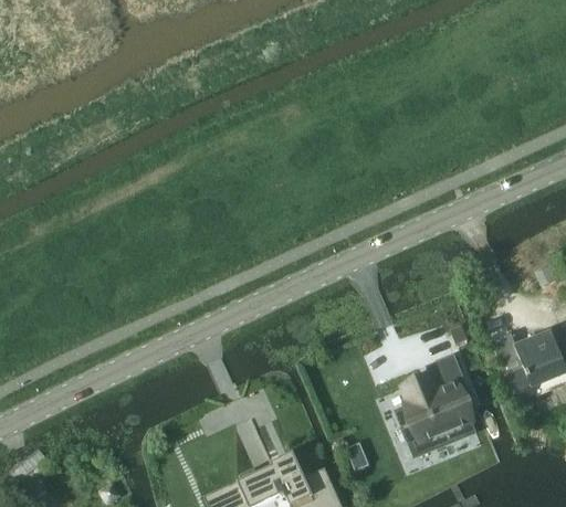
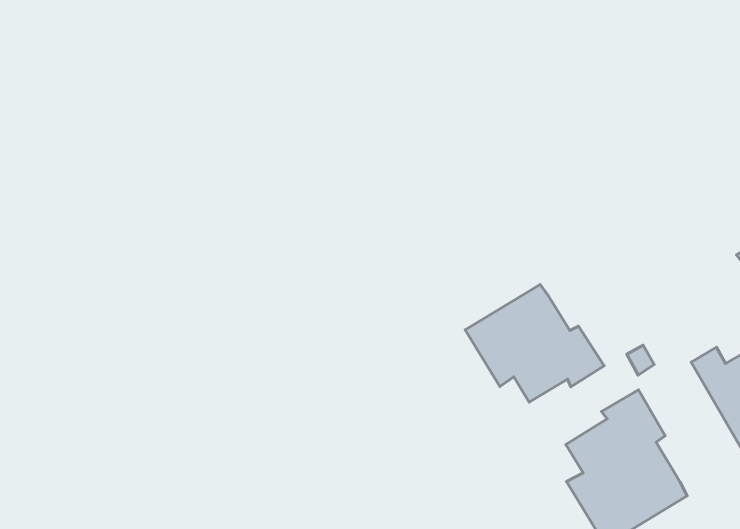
building: none -> [465,284,604,402]

